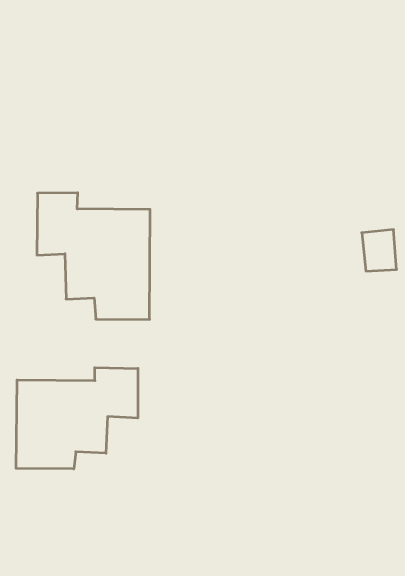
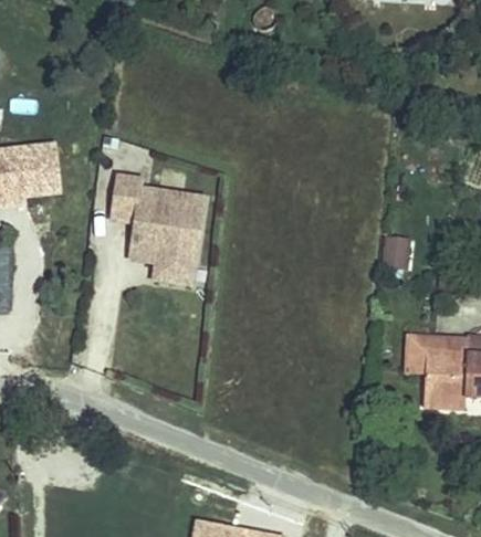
building: [16,368,138,469] -> none

